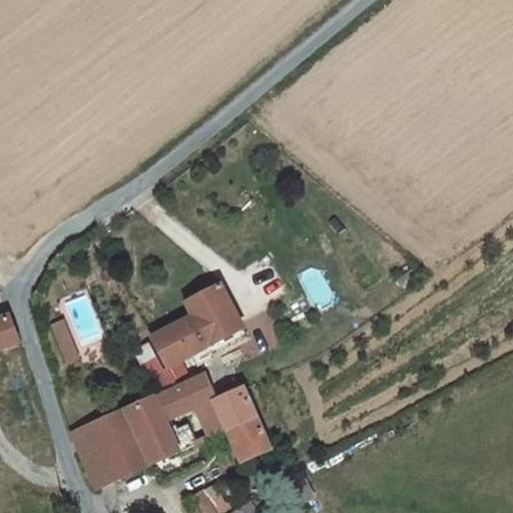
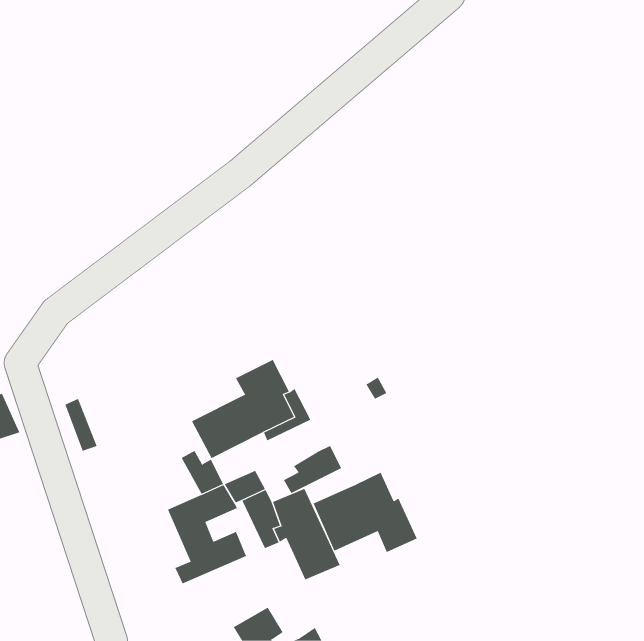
building: none -> [283,445,342,494]
building: none -> [313,472,418,553]
building: [75,404,150,485] -> none

